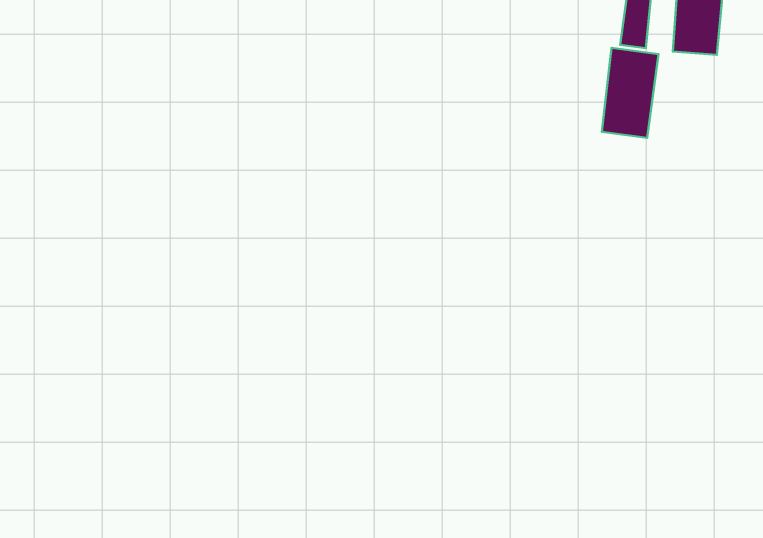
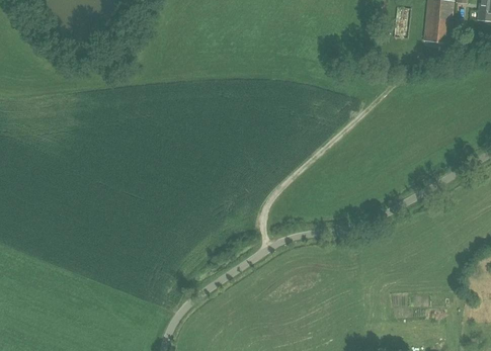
building: [602,48,658,138] -> none

